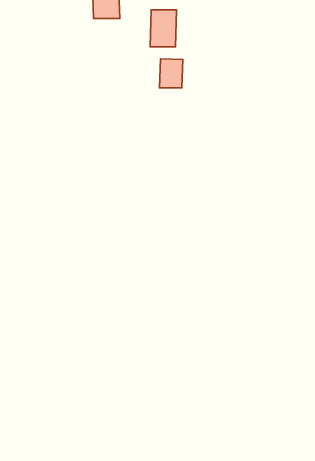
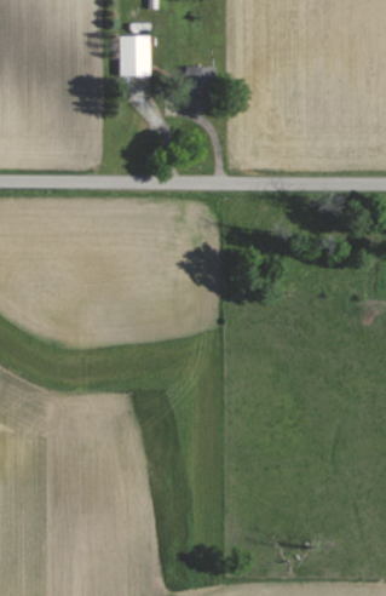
building: [160,59,183,88] -> none

